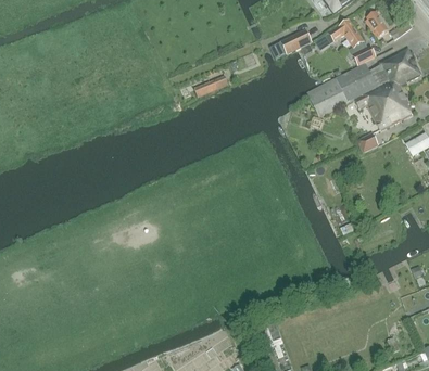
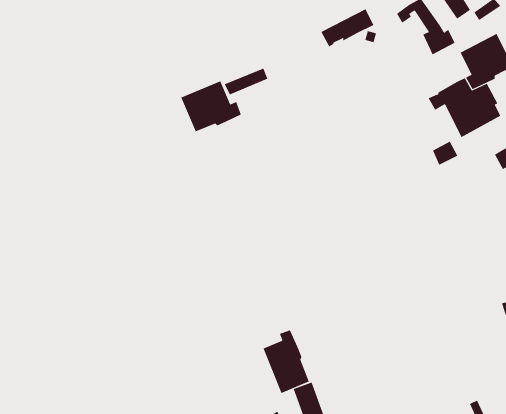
building: [307,63,376,115] -> none
building: none -> [180,81,242,132]
building: none -> [263,329,310,394]

